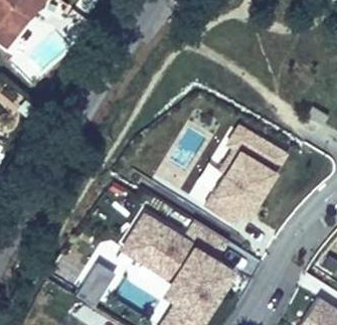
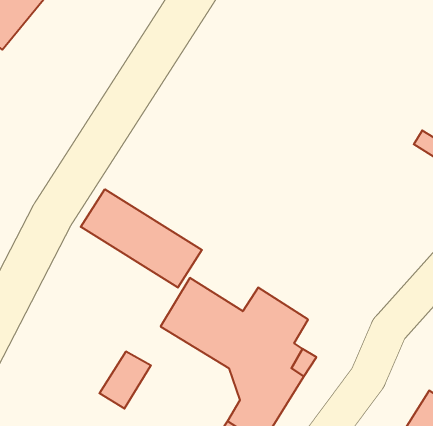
building: [203,125,289,225] -> none
building: none -> [81,189,202,288]

